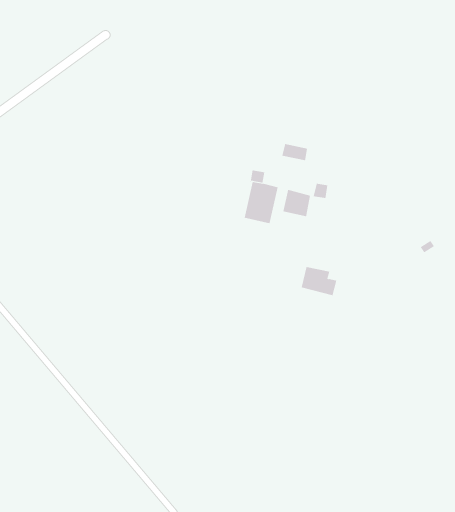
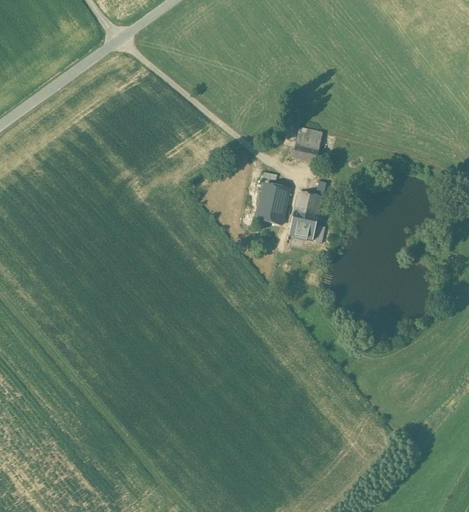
building: none -> [296,127,323,151]
building: [301,266,337,296] -> [289,213,325,242]

